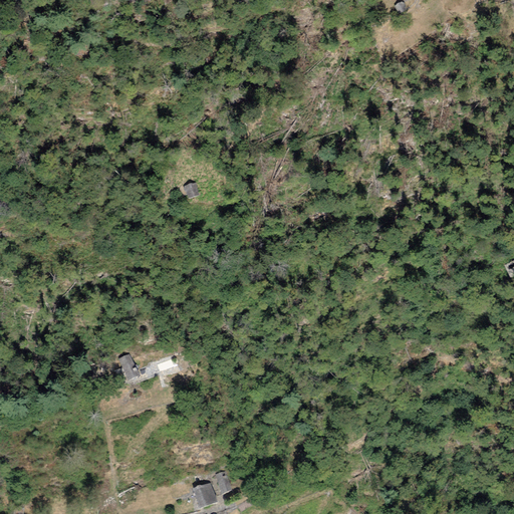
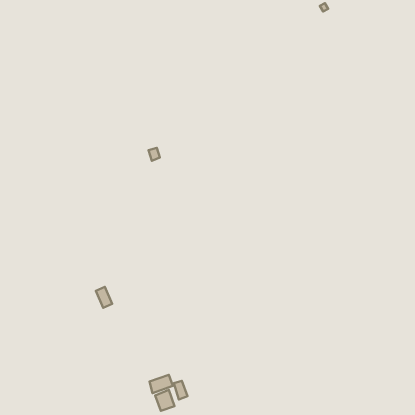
building: none -> [150,375,173,393]

